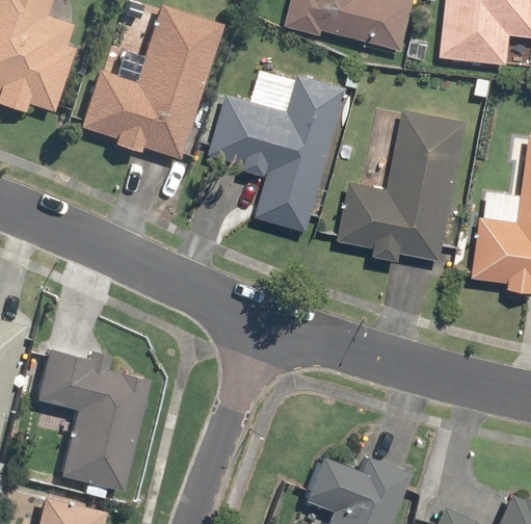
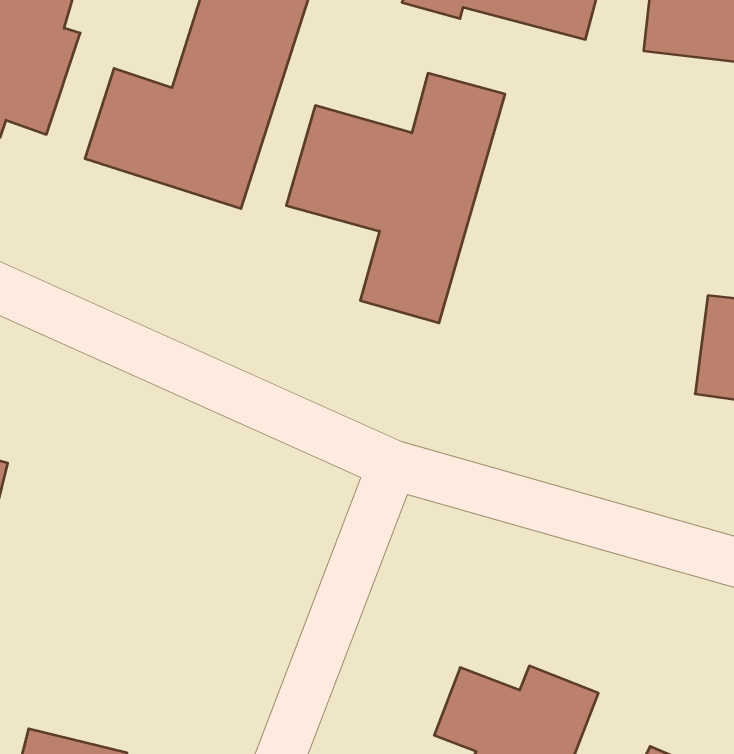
building: [338,109,469,262] -> none
building: [33,347,151,491] -> none

